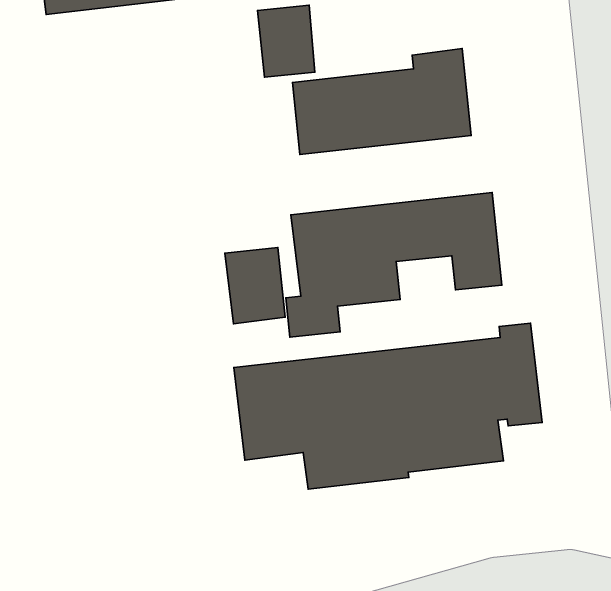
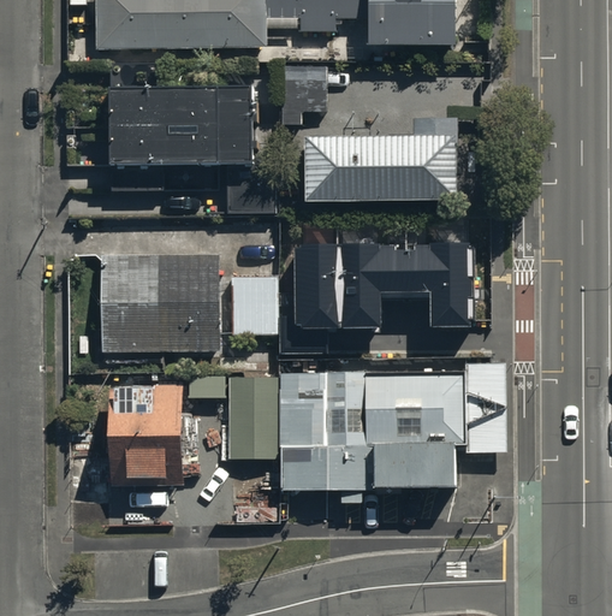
building: none -> [109,63,274,213]
building: none -> [102,254,219,351]
building: none -> [108,381,184,486]

